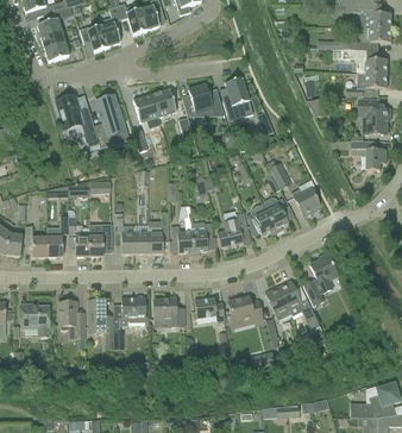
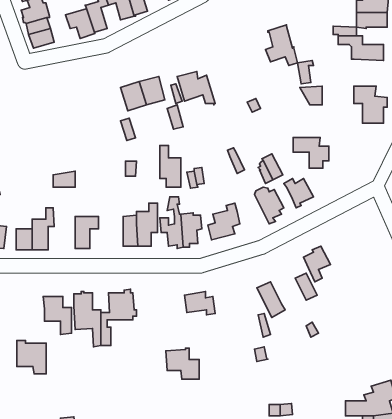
building: [347,73,388,96] -> none
building: [222,77,253,117] -> [266,25,297,65]
building: [57,95,101,151] -> none
building: [96,95,125,137] -> none
building: [352,140,387,170] -> [293,138,329,168]
building: [247,203,277,236] -> none
building: [115,213,136,253] -> [160,145,181,187]
building: [68,216,89,257] -> none
building: [278,281,320,328] -> none
building: [228,296,263,327] -> none
building: [153,297,186,327] -> [166,348,199,379]
building: [21,303,50,335] -> [17,341,46,374]

